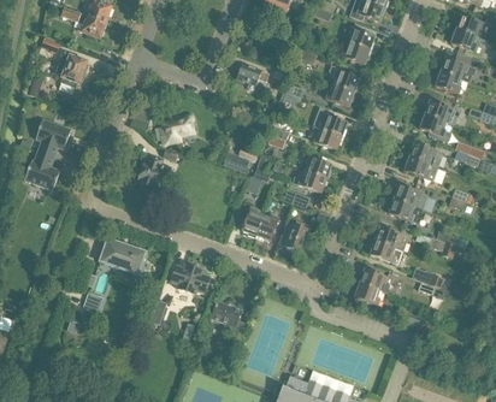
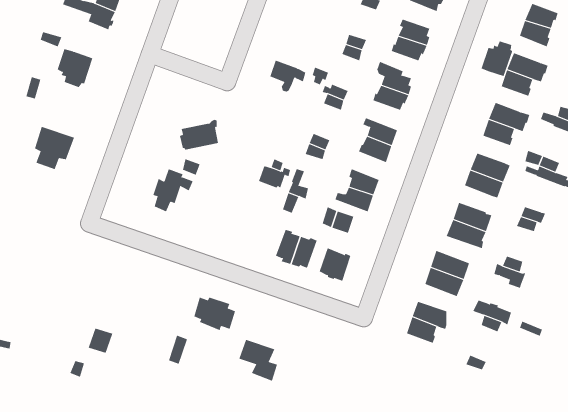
building: none -> [481,41,513,77]
building: [24,150,60,189] -> none
building: [100,237,147,273] -> none

